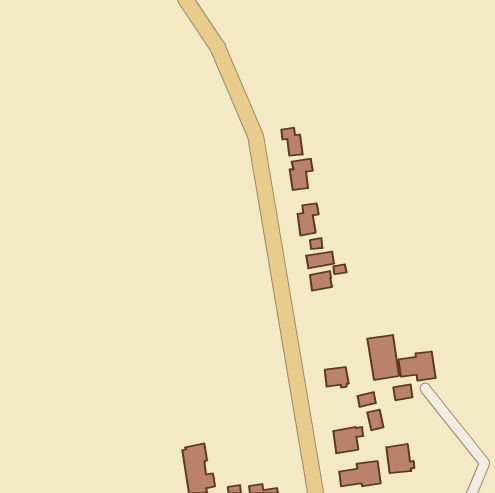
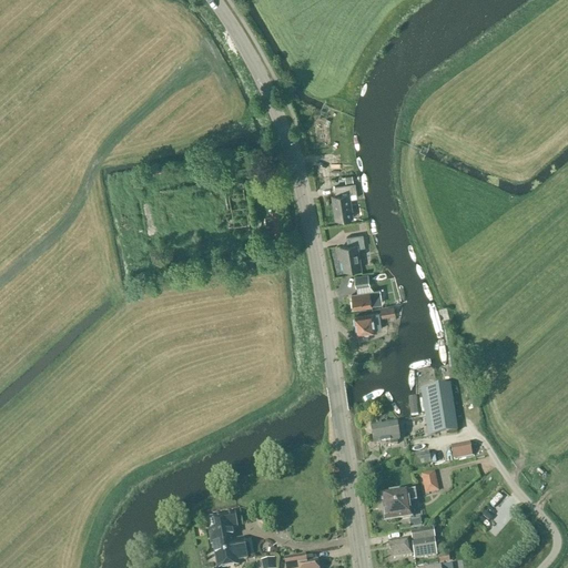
building: [282,128,303,156] -> none
building: [399,351,436,381] -> none
building: [386,444,414,473] -> none

